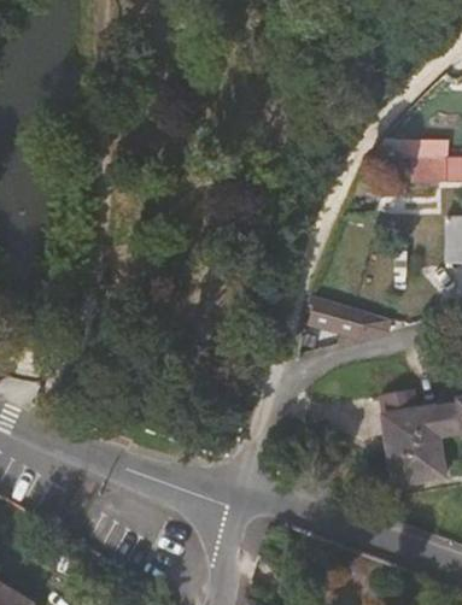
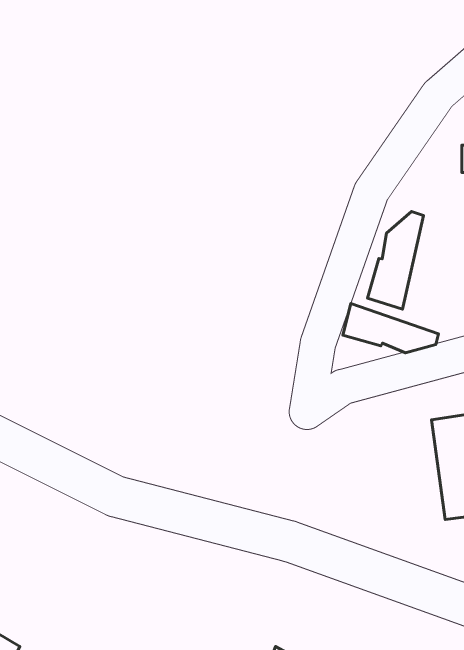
building: none -> [367,211,423,309]

